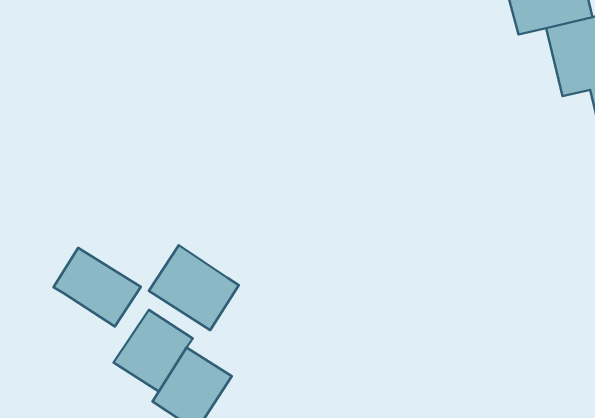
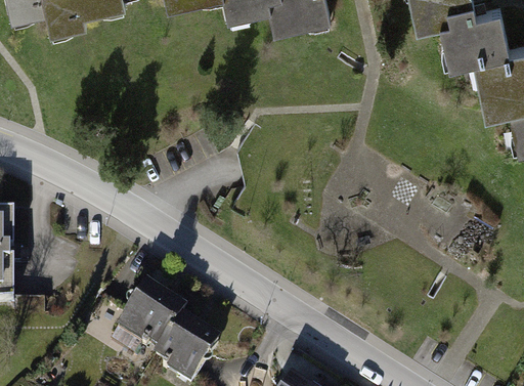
building: [149,245,239,330] -> none
building: [53,248,141,327] -> none

